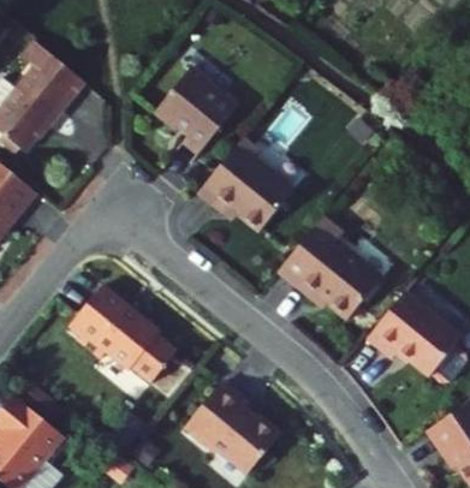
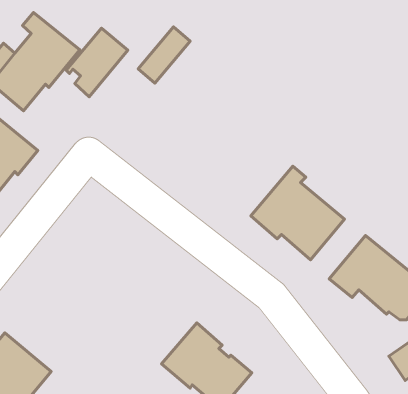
building: [174,79,242,154] -> [66,28,128,97]
building: [200,138,296,233] -> none
building: [67,285,177,386] -> none

